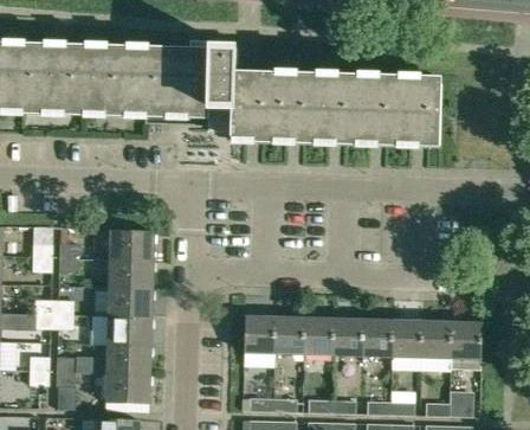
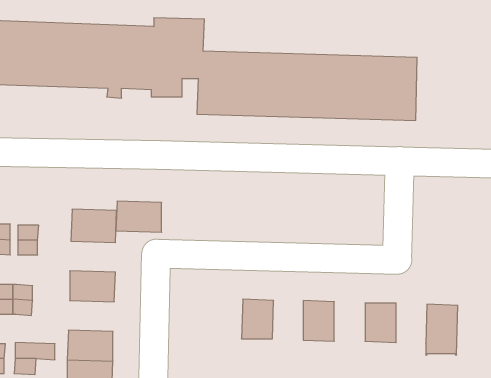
building: [109,259,153,289] -> [116,201,162,232]
building: [244,314,274,353] -> none
building: [108,316,151,346] -> none
building: [303,316,332,354] -> none
building: [362,317,392,355] -> none
building: [421,319,451,358] -> none

